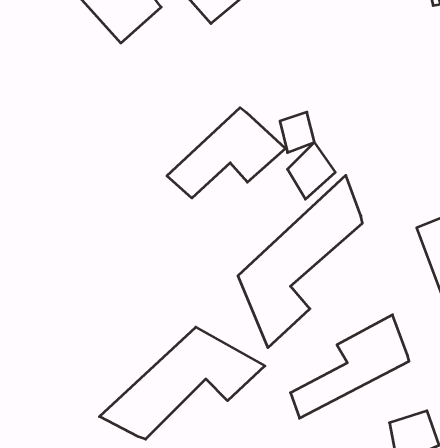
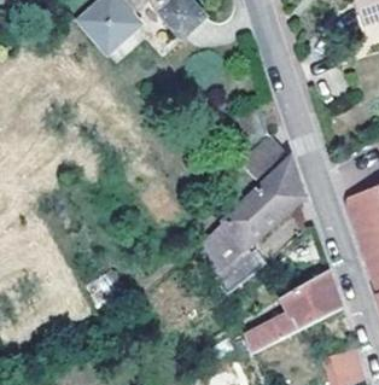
building: [167,108,286,198] -> none
building: [99,327,265,439] -> none

